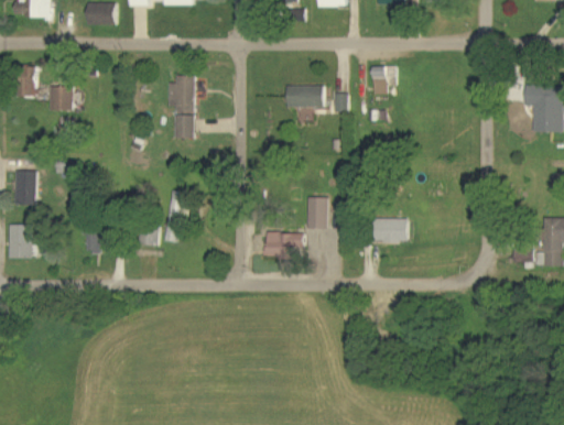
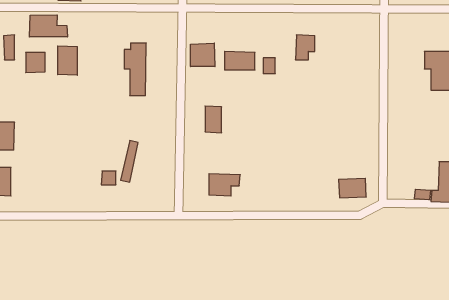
building: none -> [29,15,67,37]
building: none -> [191,43,215,67]
building: none -> [58,46,77,75]
building: [308,196,328,228] -> [205,106,222,133]
building: [376,218,409,241] -> [339,178,366,198]

